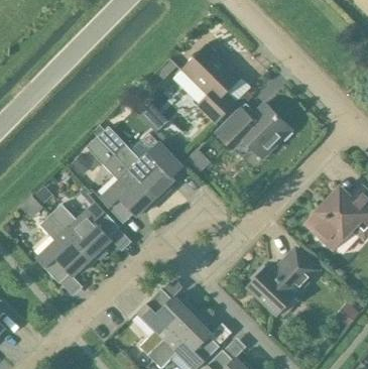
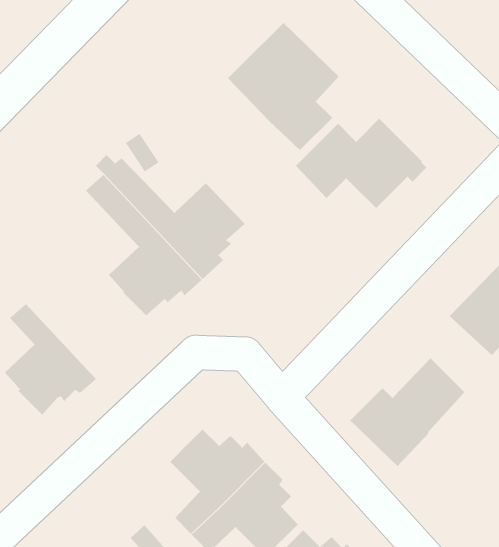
building: [49,201,119,261] -> none

